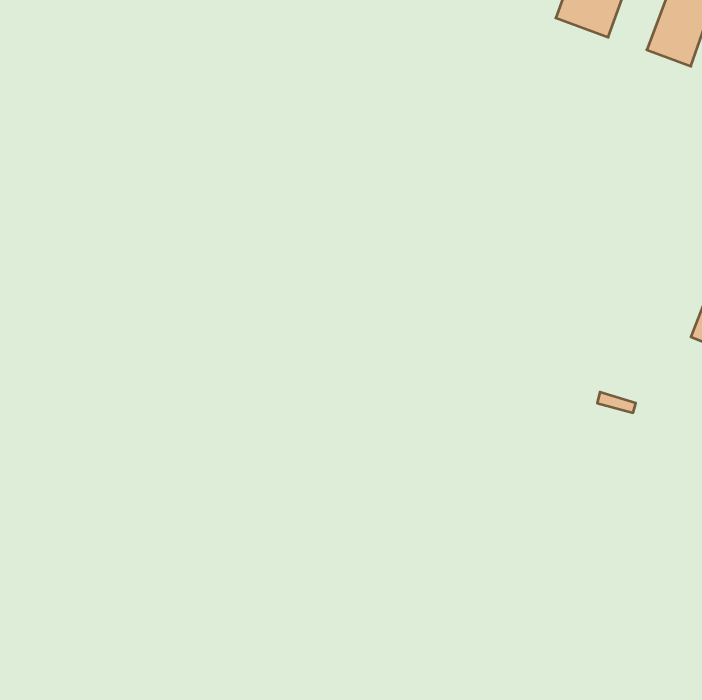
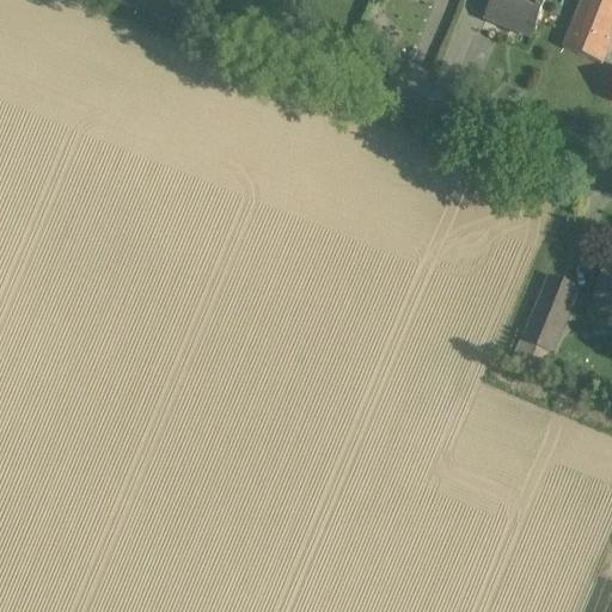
building: none -> [528,280,575,345]

